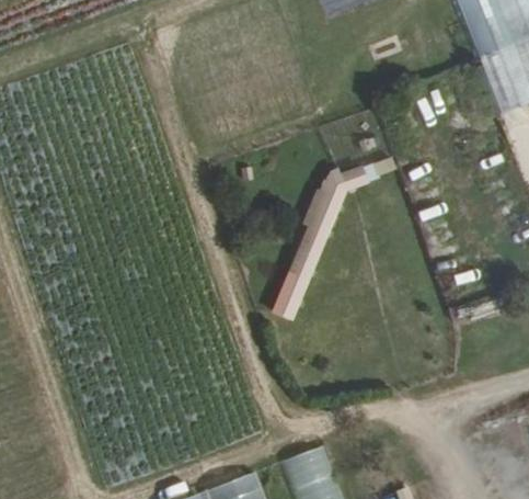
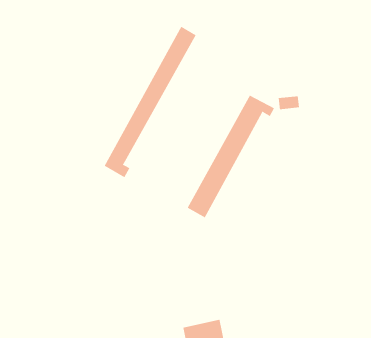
building: none -> [104,26,197,178]

